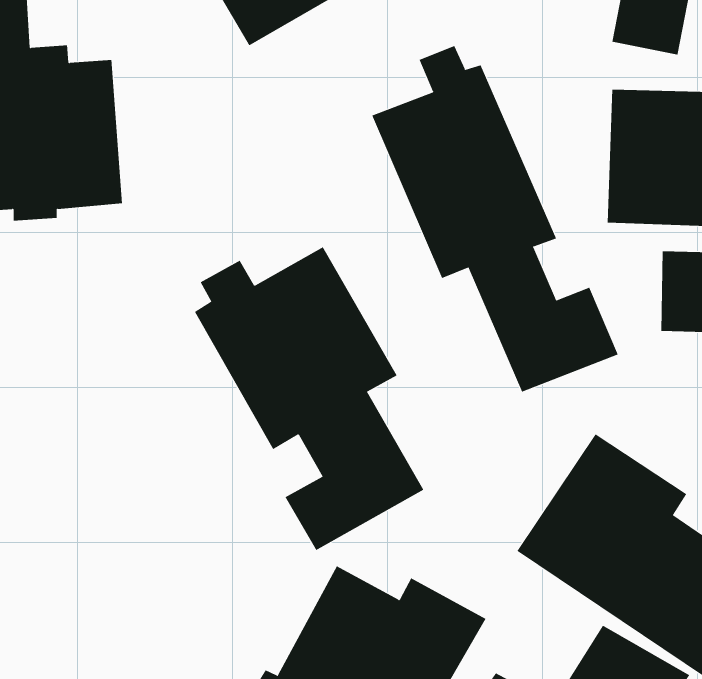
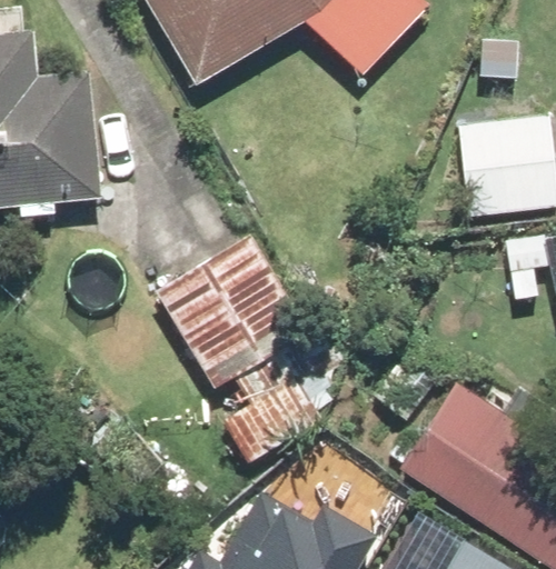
building: [371,45,619,393] -> none

